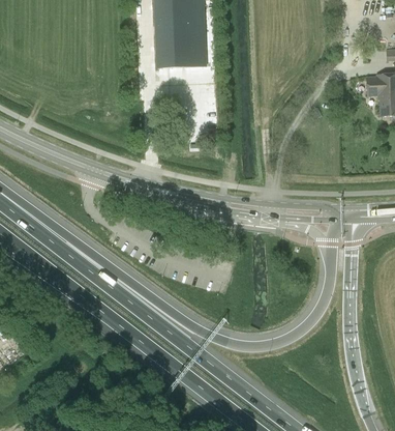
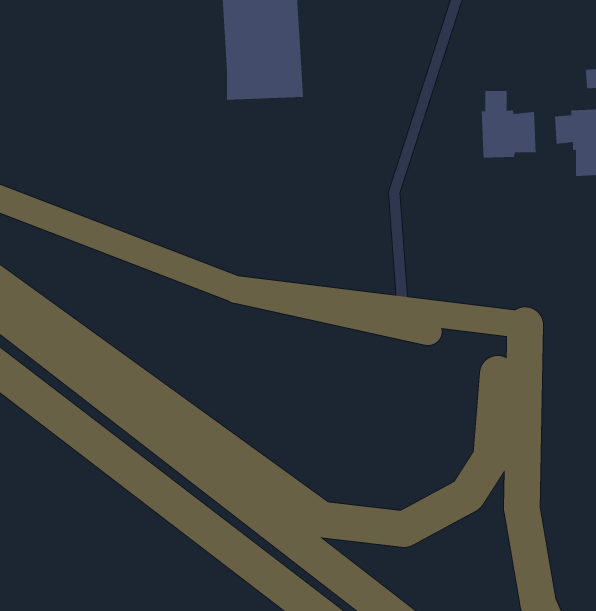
building: none -> [481,90,536,159]

